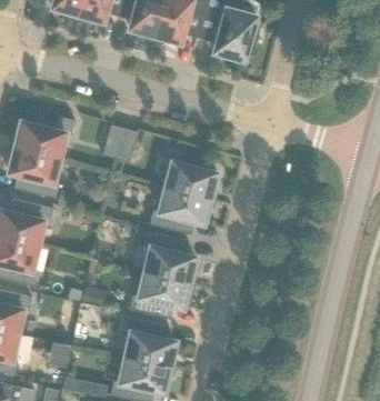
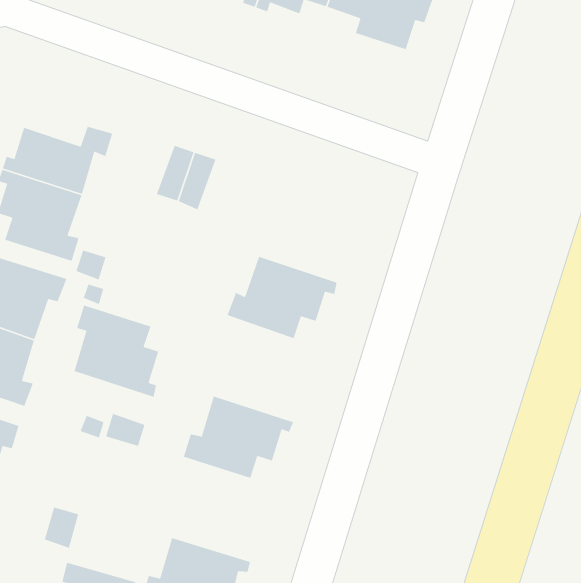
building: [166,146,216,199] -> none
building: [144,231,194,283] -> [73,305,159,398]
building: [124,317,176,368] -> none

